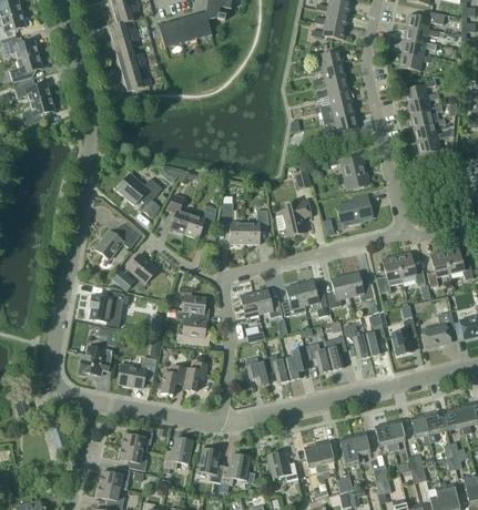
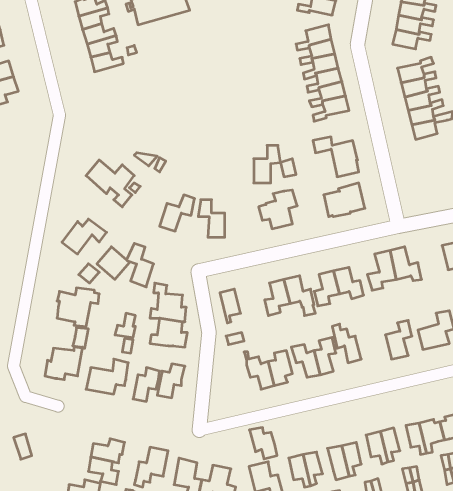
building: [166,194,191,234] -> [127,243,154,287]
building: [244,210,268,244] -> [254,145,280,183]
building: [427,252,449,288] -> none
building: [253,288,281,317] -> none
building: [364,312,385,356] -> none
building: [244,357,269,386] -> [249,428,277,459]

